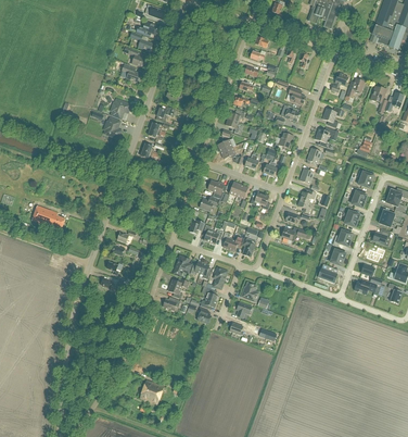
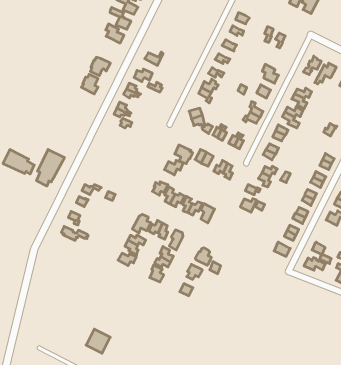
building: none -> [37,149,64,186]

